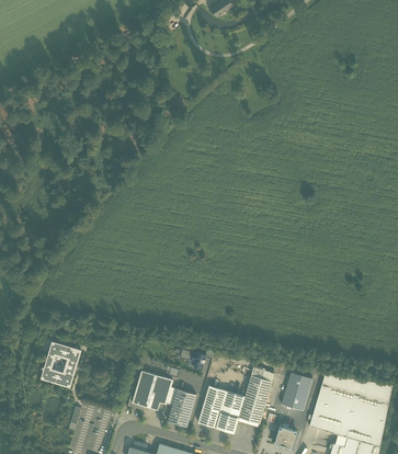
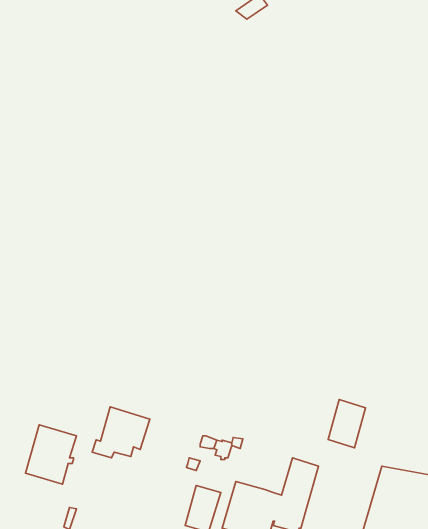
building: [127,371,173,411] -> [92,407,150,458]
building: [282,373,311,411] -> [328,400,365,448]

